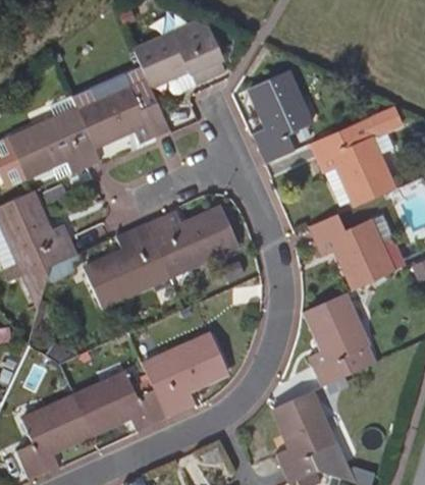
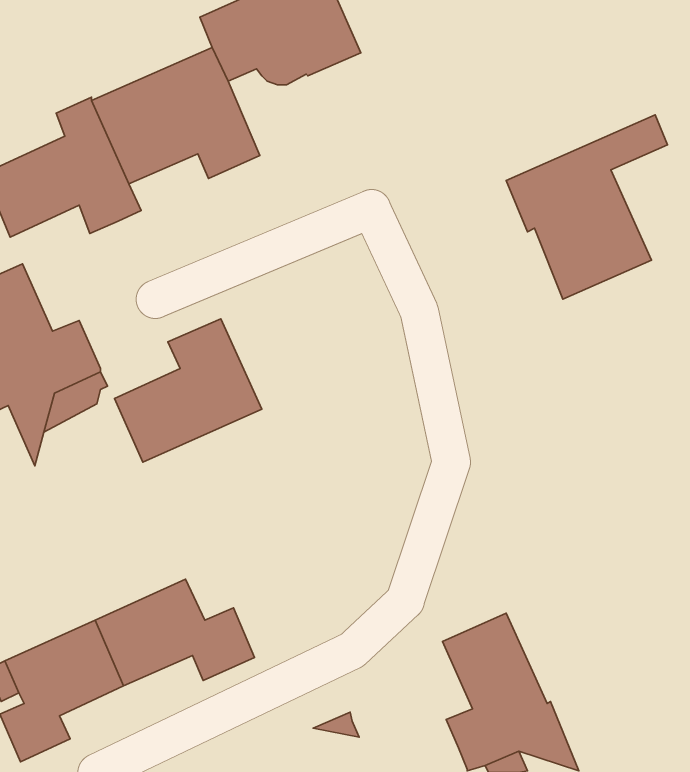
building: [252,71,311,163] -> none
building: [147,207,238,275] -> none
building: [311,213,394,288] -> none
building: [307,293,375,386] -> none
building: [143,334,228,418] -> none

